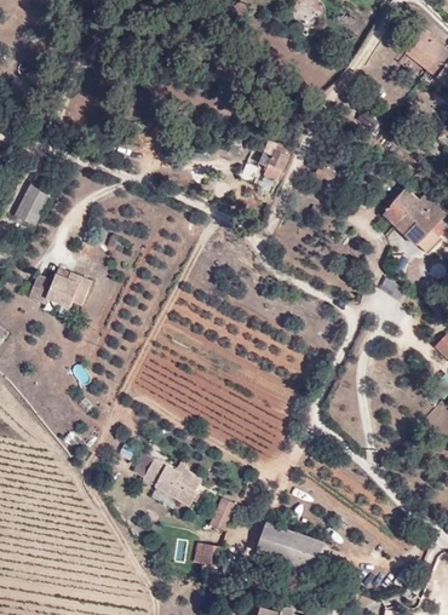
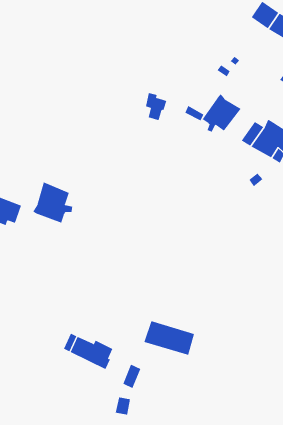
building: none -> [202,94,242,132]
building: none -> [33,182,73,223]
building: [255,523,323,571] -> [144,320,195,355]

